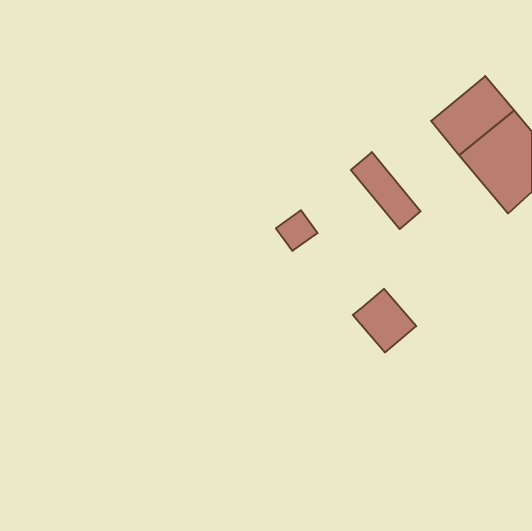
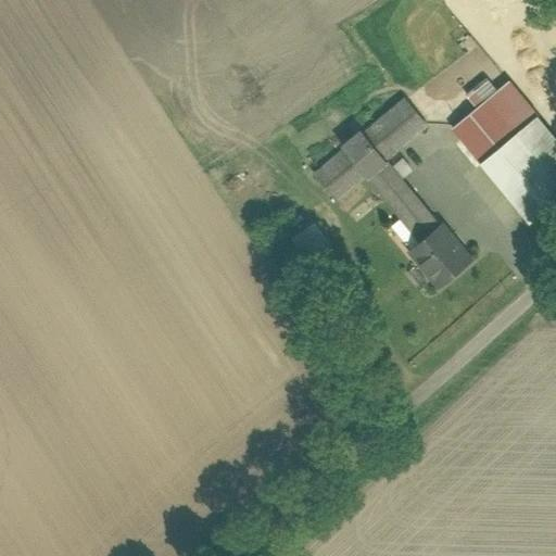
building: none -> [311,97,428,203]
building: [353,289,416,352] -> [406,222,472,288]

